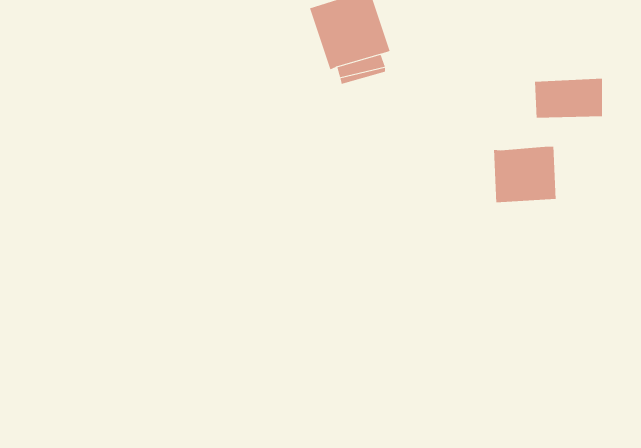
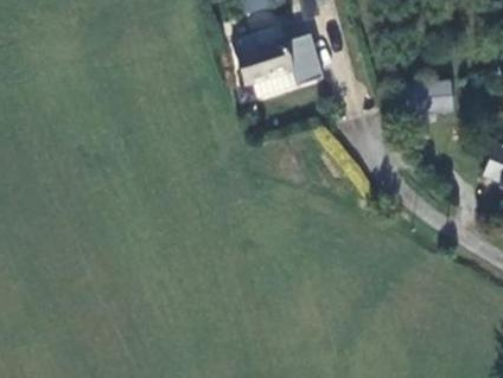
building: [494,146,556,203] -> none

